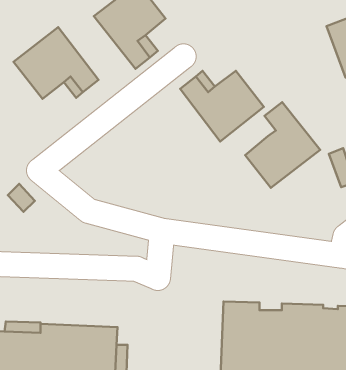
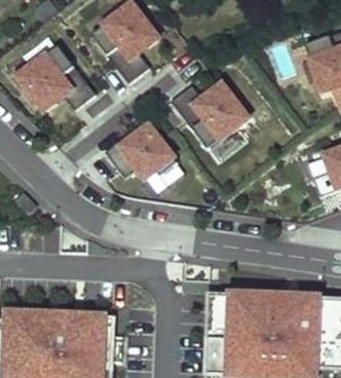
building: [245,102,320,188] -> none
building: none -> [106,124,179,177]

